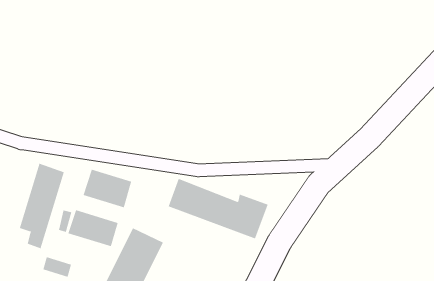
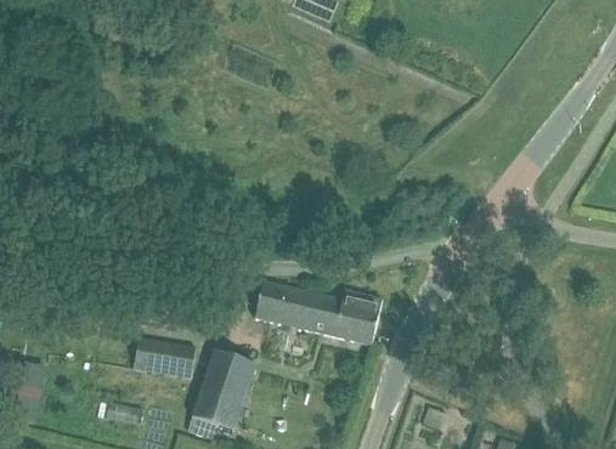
building: [19,163,65,249] -> none
building: [83,169,132,208] -> none

